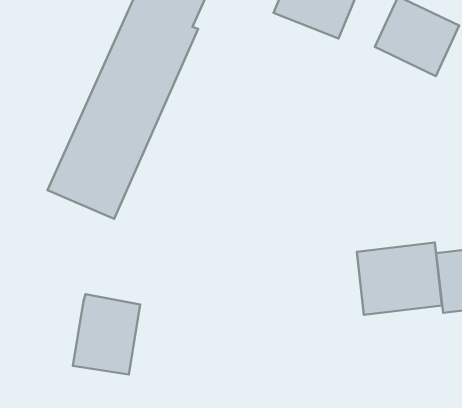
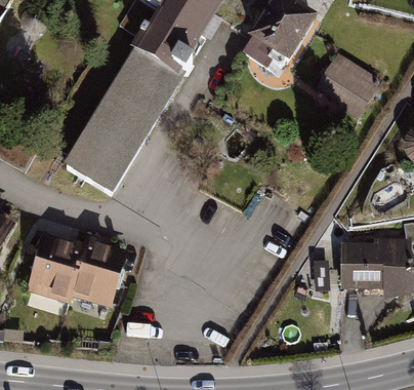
building: [357,242,442,315] -> none
building: none -> [27,235,82,300]

